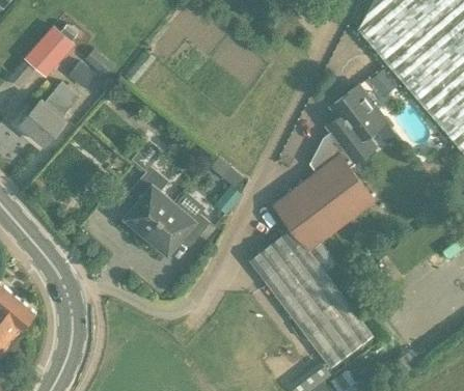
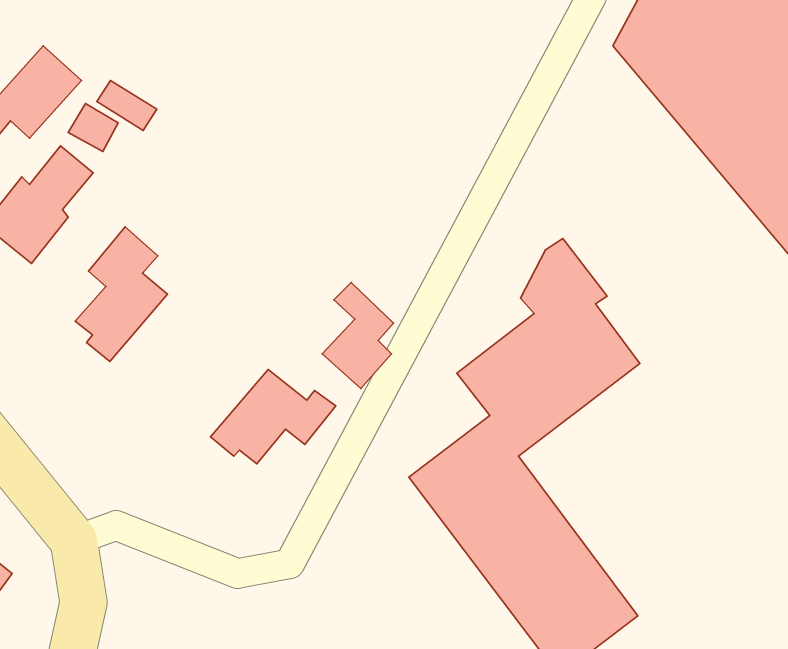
building: [332,85,386,163] -> none
building: [124,166,173,239] -> [75,227,167,362]

